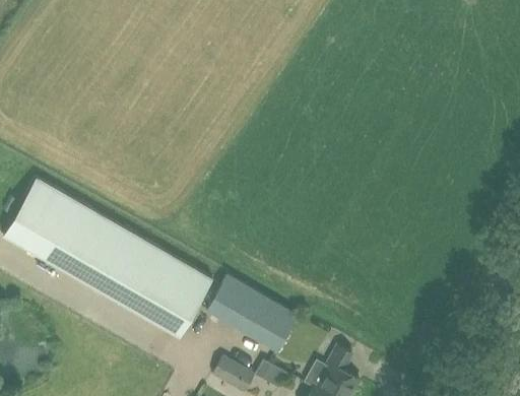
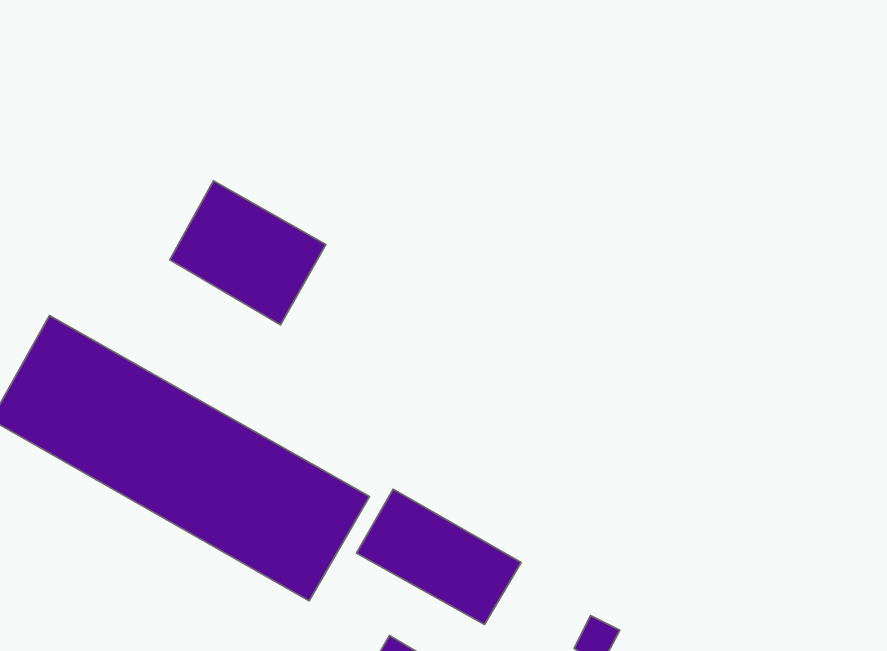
building: none -> [170,181,326,325]

